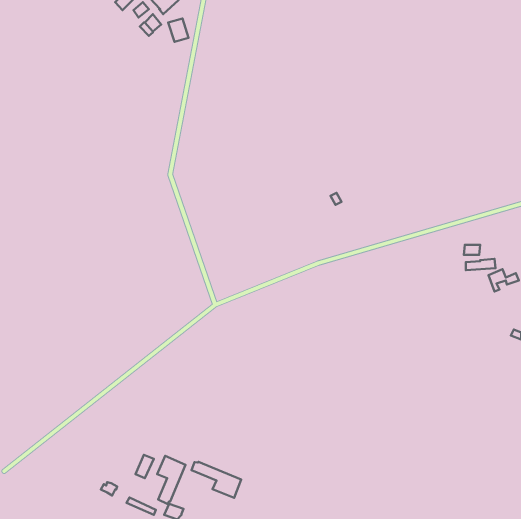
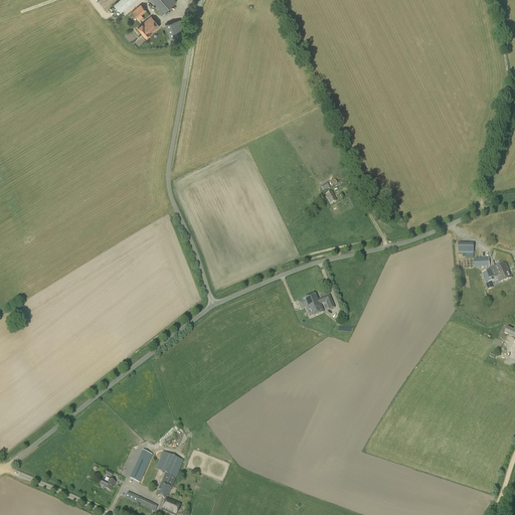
building: none -> [298,292,335,316]
building: [191,462,241,498] -> none

